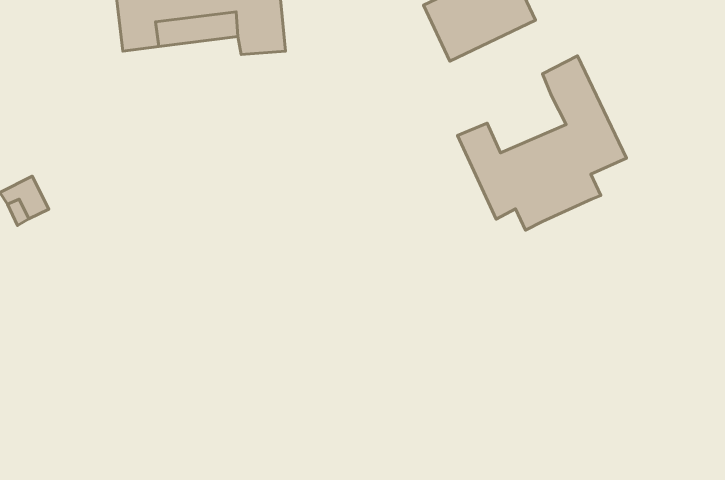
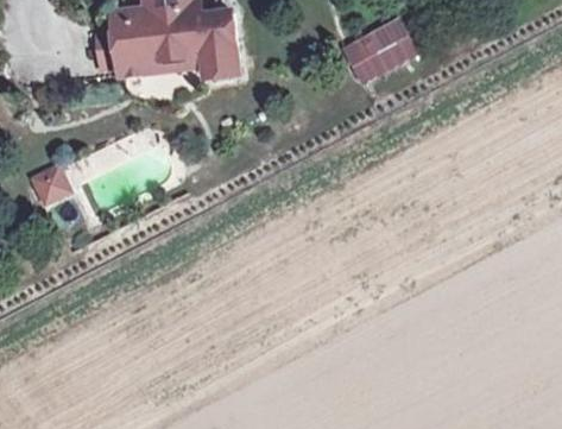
building: [457,56,627,230] -> none

